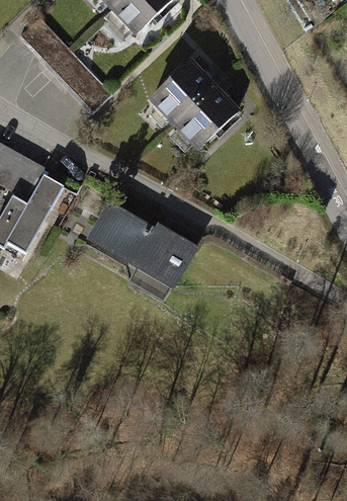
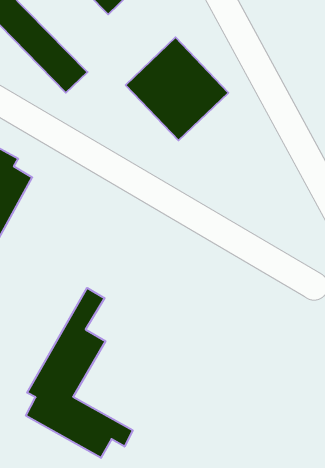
building: [80,197,194,291] -> none
building: none -> [26,288,133,458]

